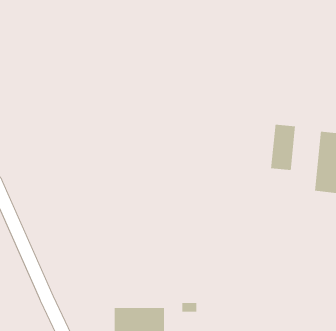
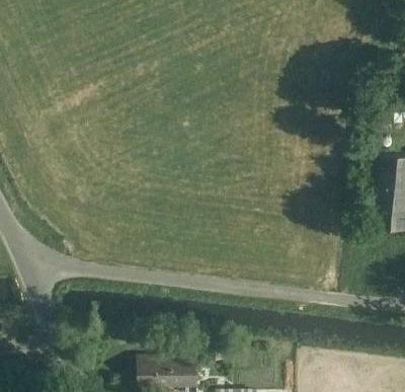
building: [270,124,296,171] -> none

